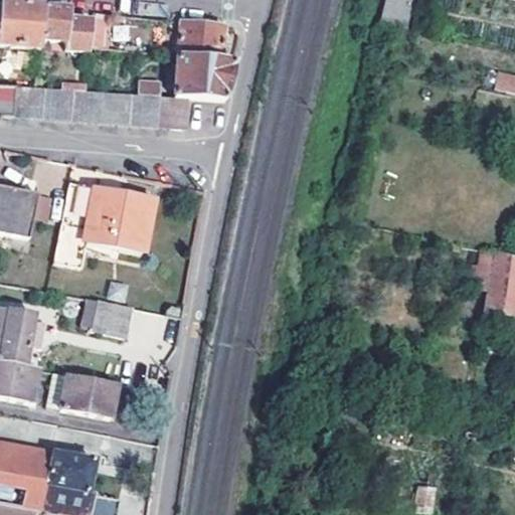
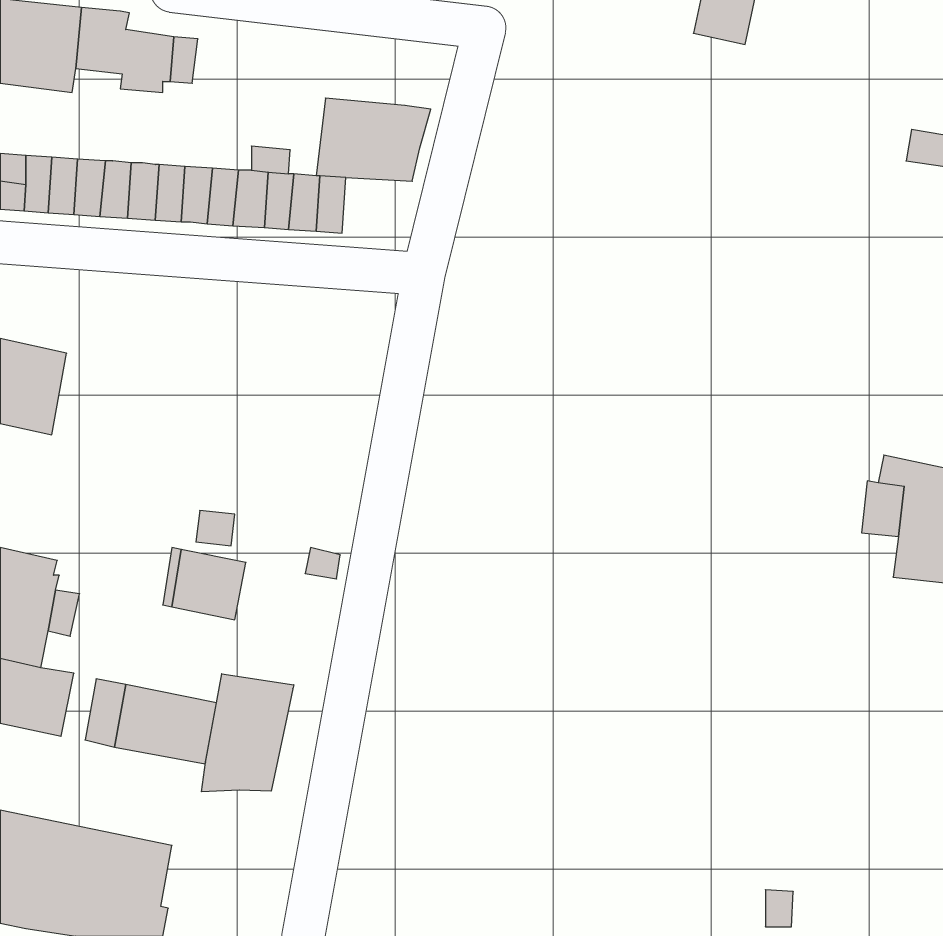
building: [178,18,225,57] -> none
building: [54,180,152,268] -> none
building: none -> [201,674,294,792]

